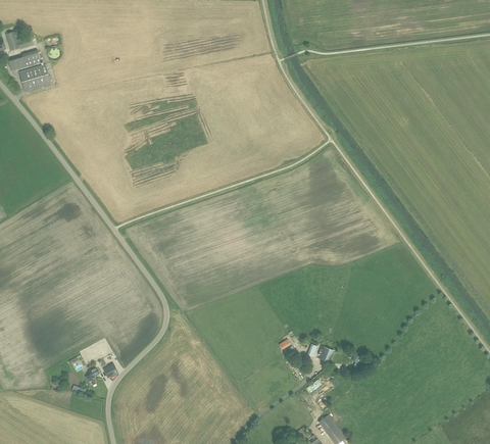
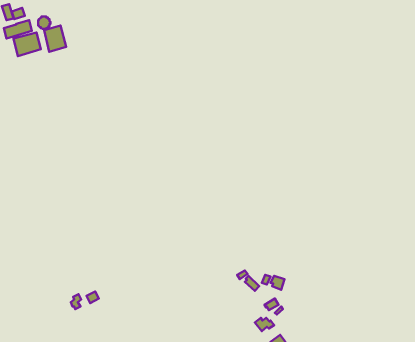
building: none -> [44,26,66,52]

